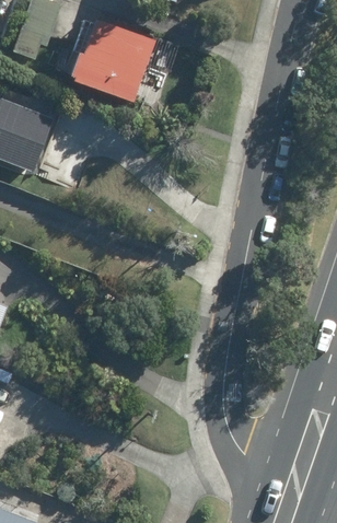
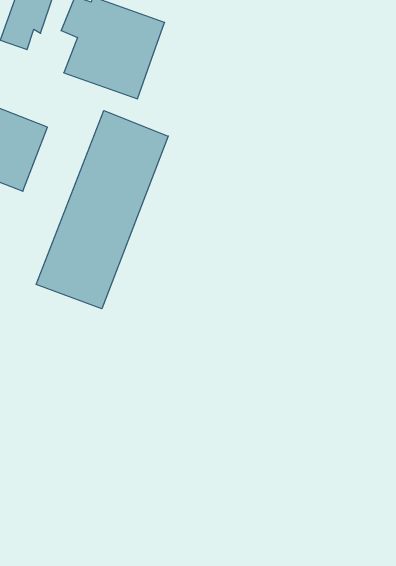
building: none -> [36,111,168,309]

